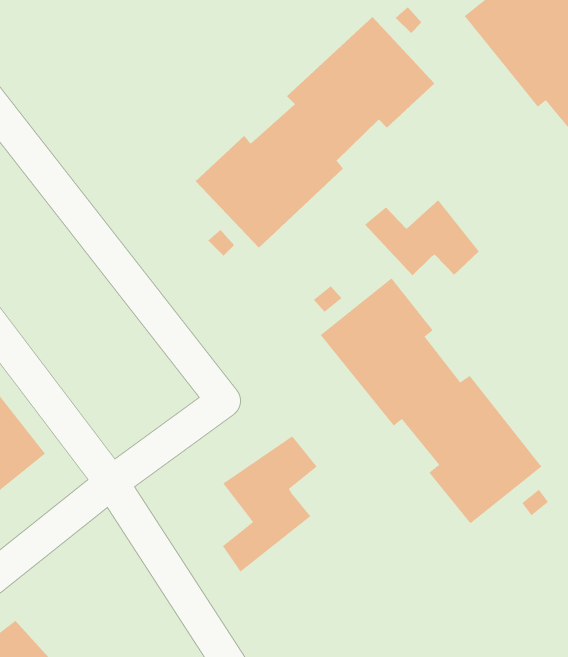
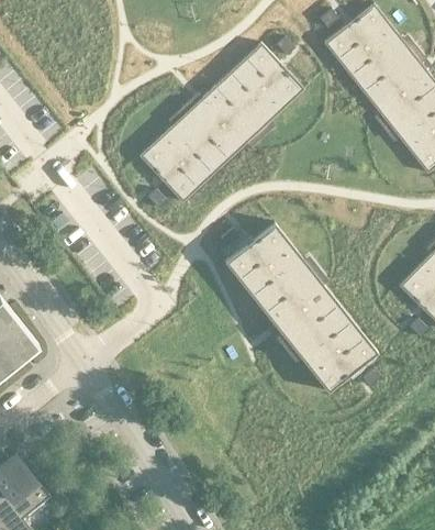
building: [364,200,480,276] -> none
building: [222,435,317,572] -> none

